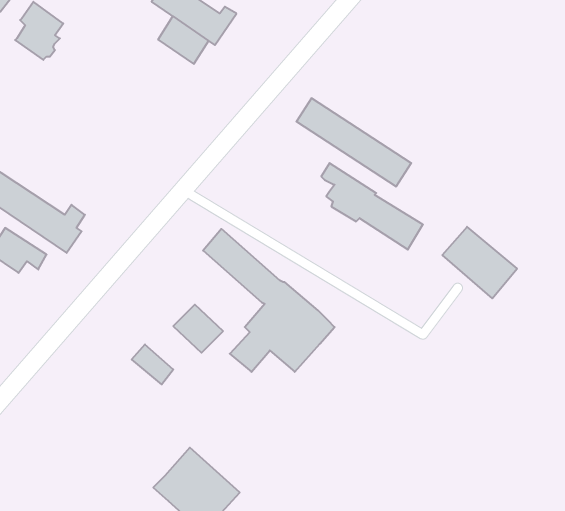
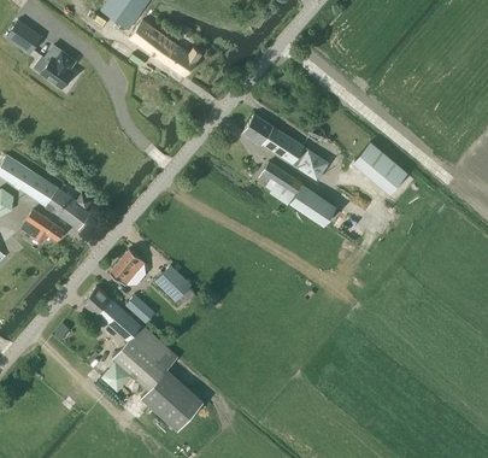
building: [158,16,209,64] -> none
building: [442,227,517,298] -> [353,142,407,194]
building: [203,229,335,372] -> [83,286,178,389]
building: none -> [111,248,146,284]

